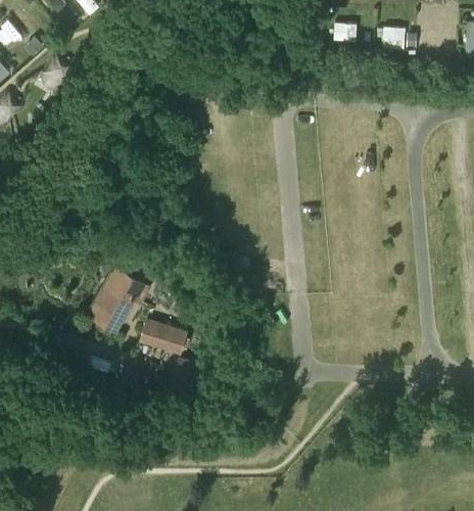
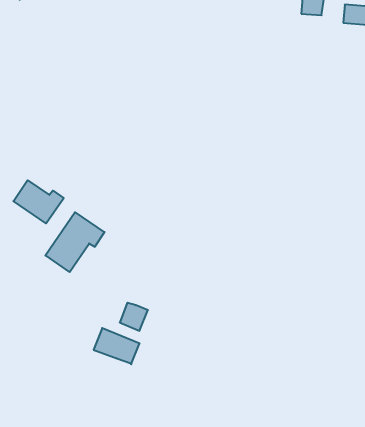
building: none -> [13,180,64,223]
building: [138,320,186,356] -> [94,328,140,364]

